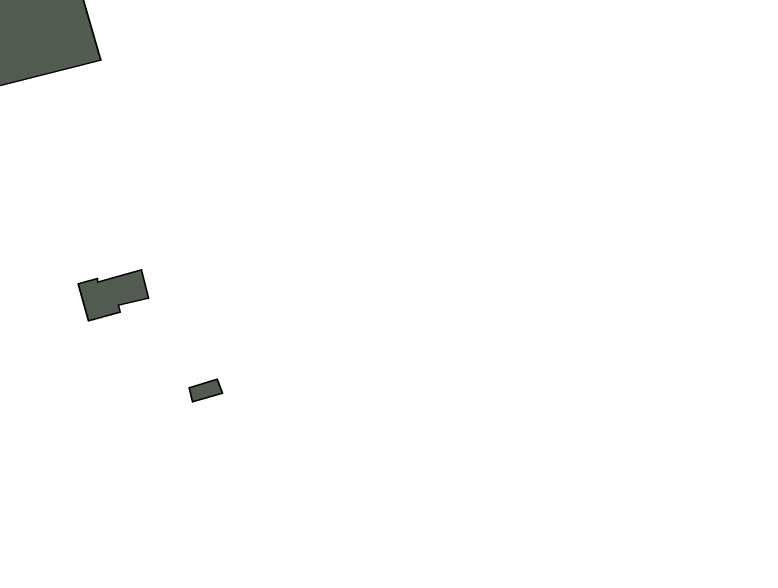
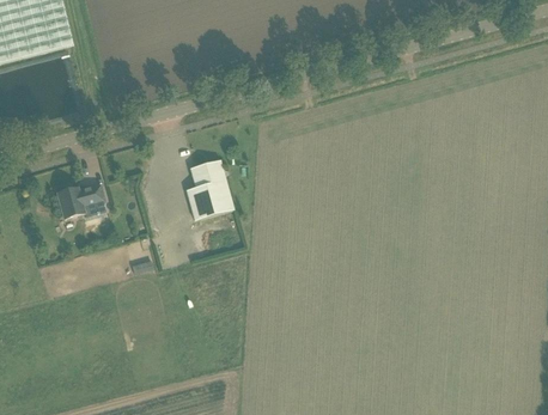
building: none -> [187,163,235,222]

